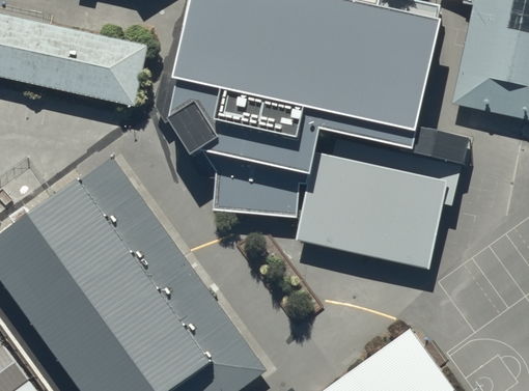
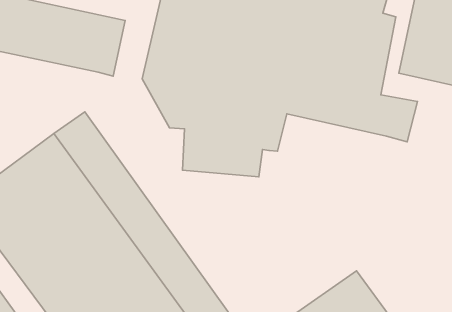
building: [296,148,456,272] -> none

